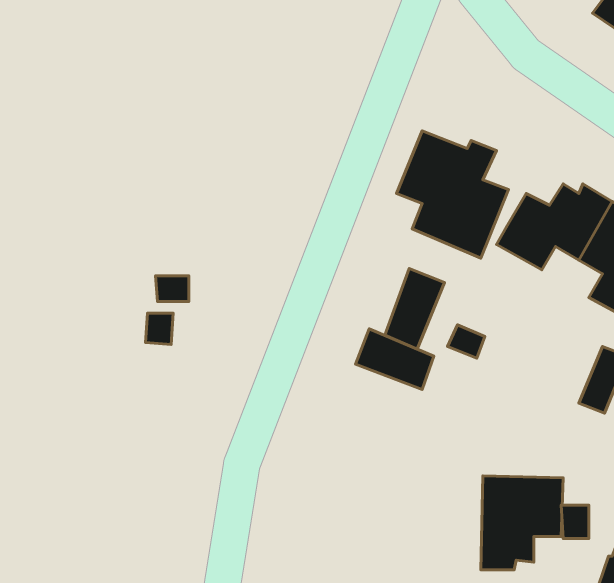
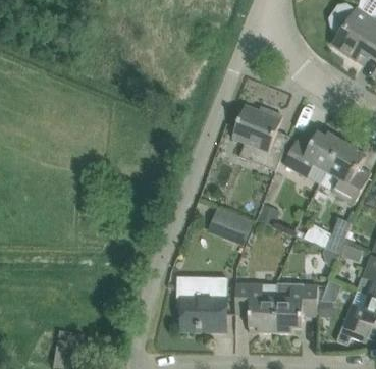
building: [385,269,444,349] -> none
building: none -> [176,275,227,331]
building: none -> [235,282,276,332]

